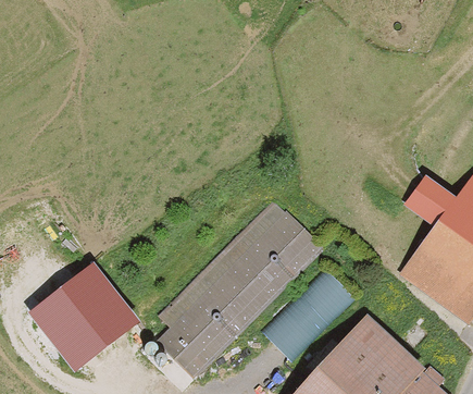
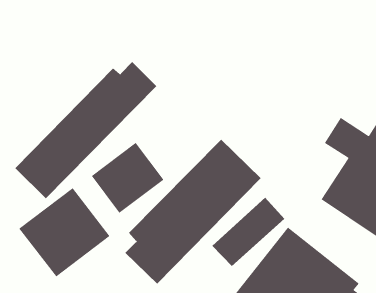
building: none -> [15,61,157,199]
building: none -> [91,142,164,214]

